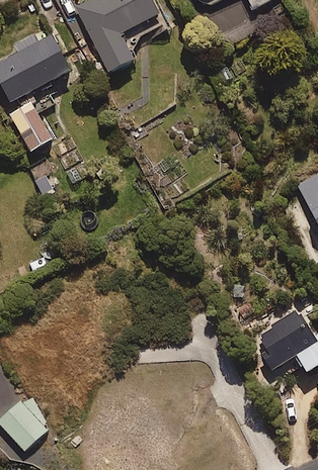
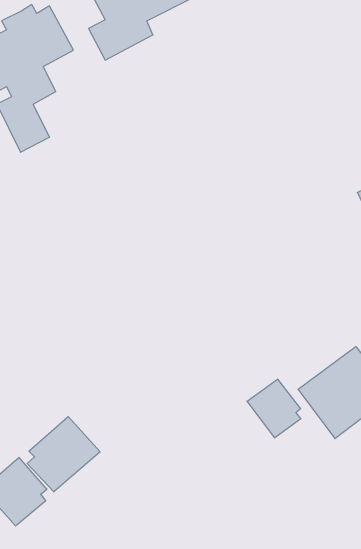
building: none -> [247,379,301,438]
building: none -> [27,417,100,492]

